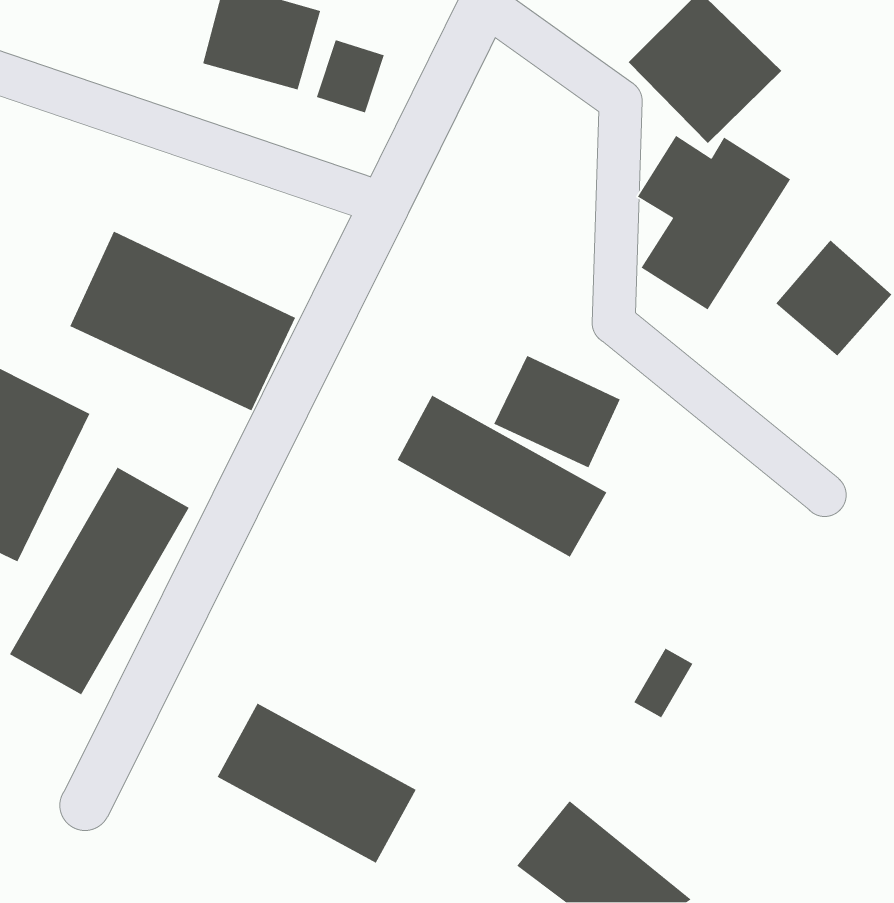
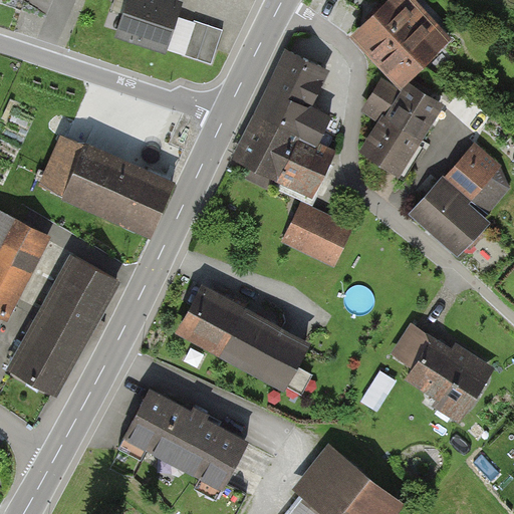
building: none -> [236,51,339,199]
building: none -> [405,172,494,258]
building: [396,395,608,558] -> [179,295,298,388]
building: none -> [396,329,494,426]

